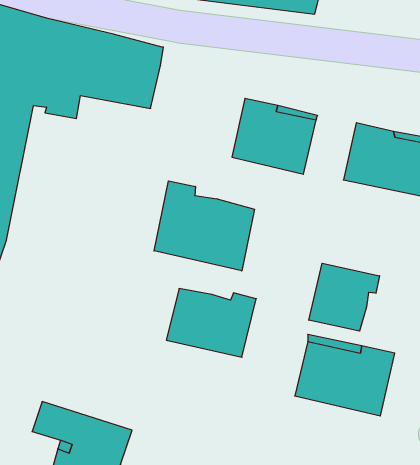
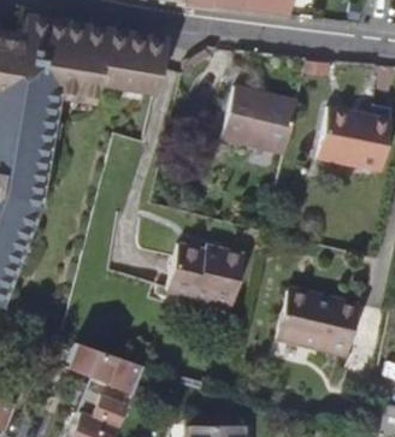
building: [154,181,254,271] -> none
building: [309,263,380,331] -> none

